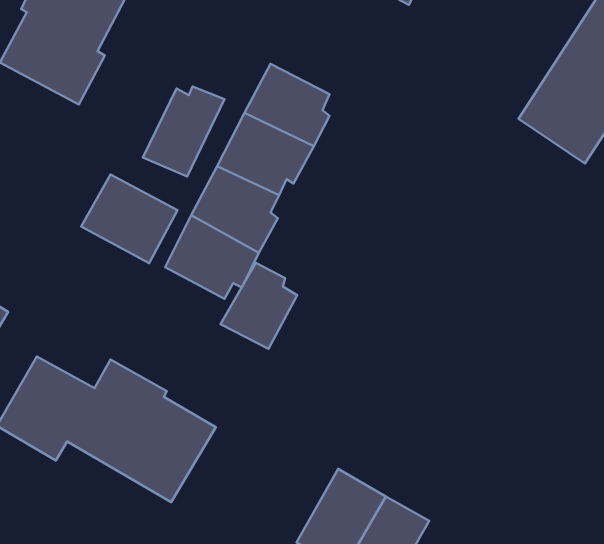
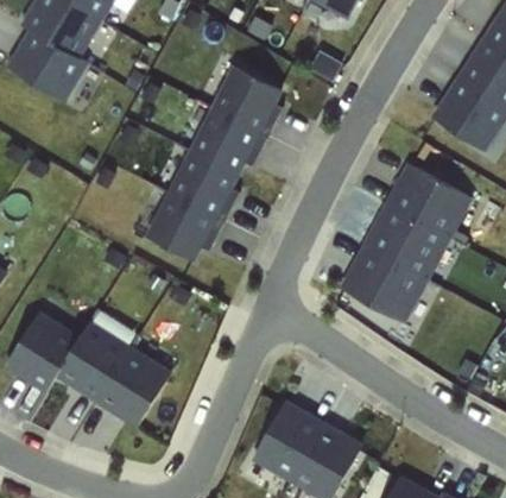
building: [143,86,224,177] -> none
building: none -> [348,158,473,322]
building: [81,175,178,263] -> none
building: [221,263,297,349] -> none

